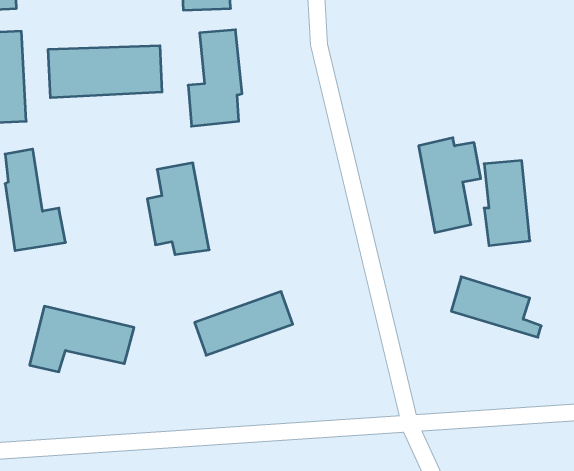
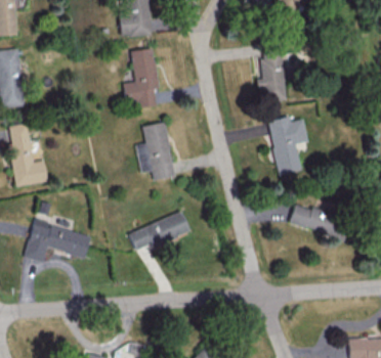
building: [48,46,162,98] -> none
building: [484,161,530,246] -> [258,49,287,102]
building: [147,163,209,255] -> [136,122,175,179]

